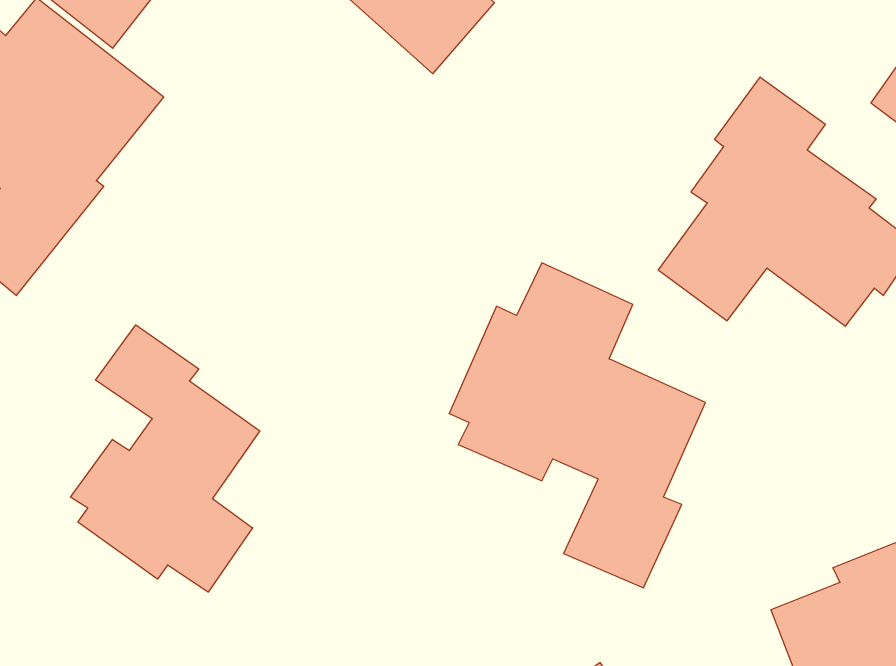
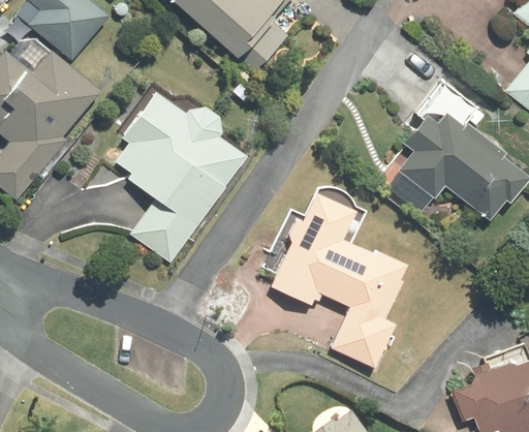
building: none -> [115,85,249,265]
building: [71,325,260,592] -> none

